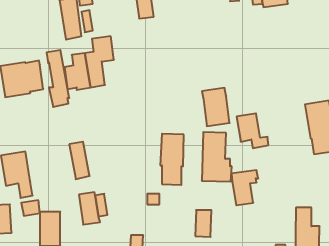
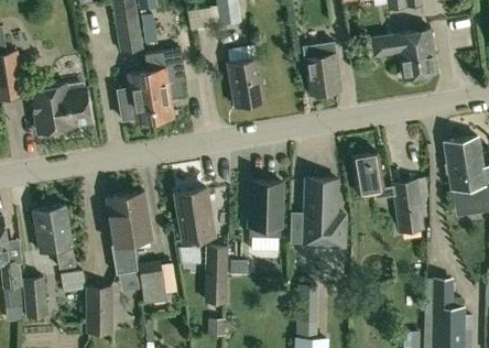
building: none -> [370,30,436,77]
building: none -> [227,59,263,106]
building: [47,50,69,107] -> [106,196,137,273]
building: [202,88,230,126] -> [303,43,340,95]
building: none -> [175,188,214,241]
building: [231,170,258,205] -> [393,182,430,229]
building: none -> [203,246,227,303]

